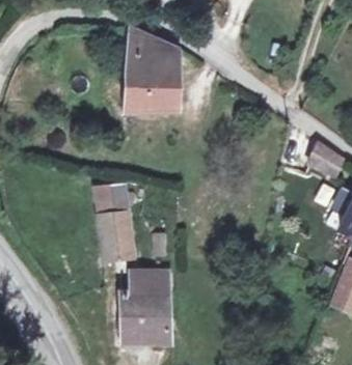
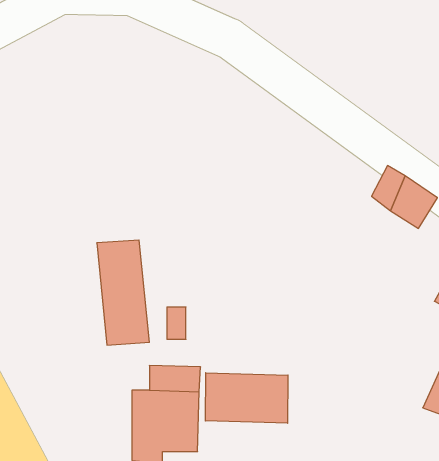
building: [128,23,182,102] -> none
building: none -> [205,373,288,423]

